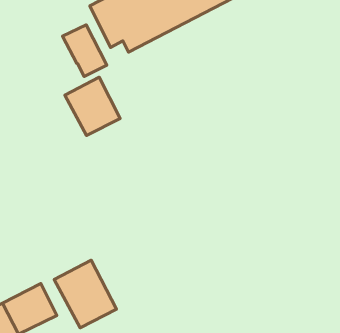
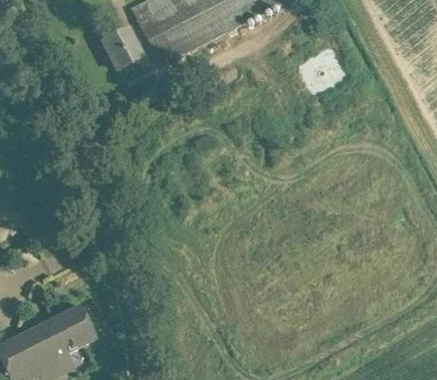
building: [65,77,120,136] -> none
building: [54,260,116,328] -> none

